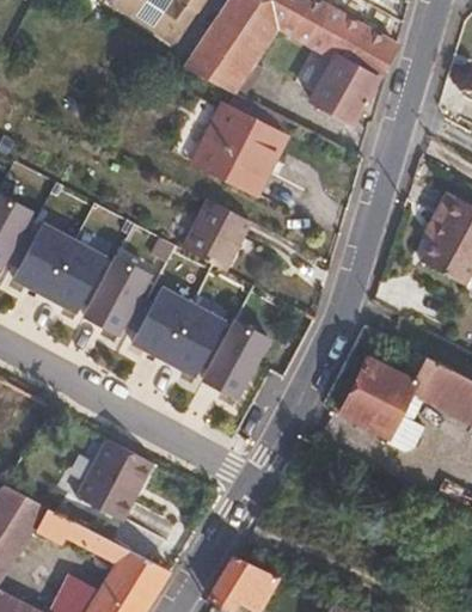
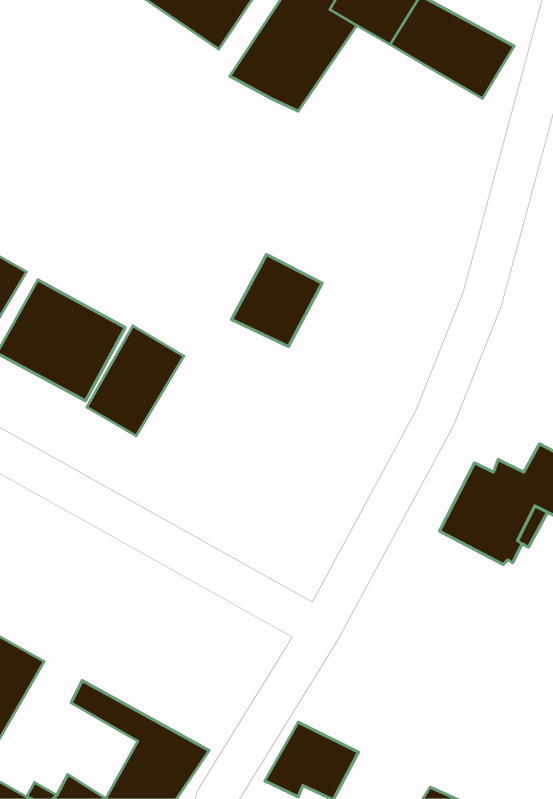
building: [304,61,373,124] -> none
building: [194,104,287,195] -> none
building: [124,284,220,375] -> none
building: [195,319,266,402] -> none
building: [74,434,152,516] -> none

